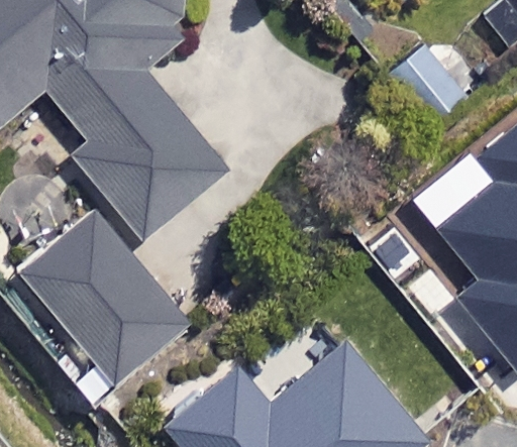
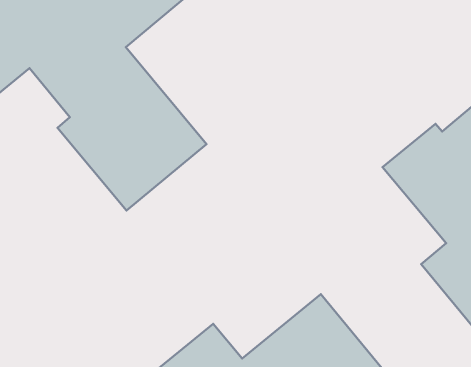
building: [21,216,185,384] -> none

